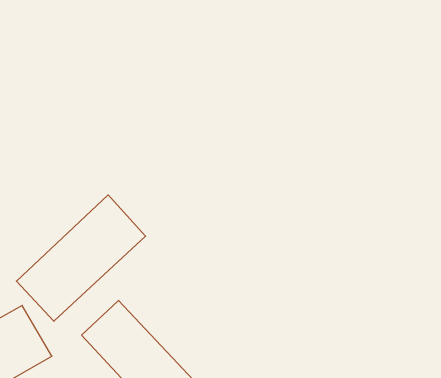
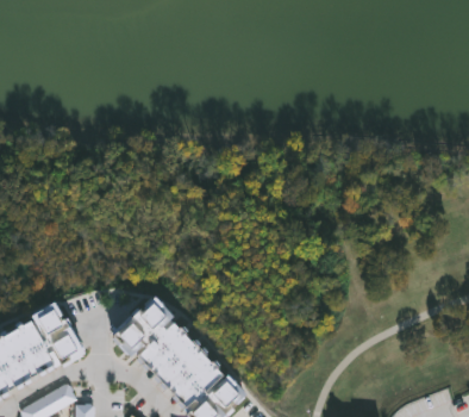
building: [16,195,146,321] -> none

